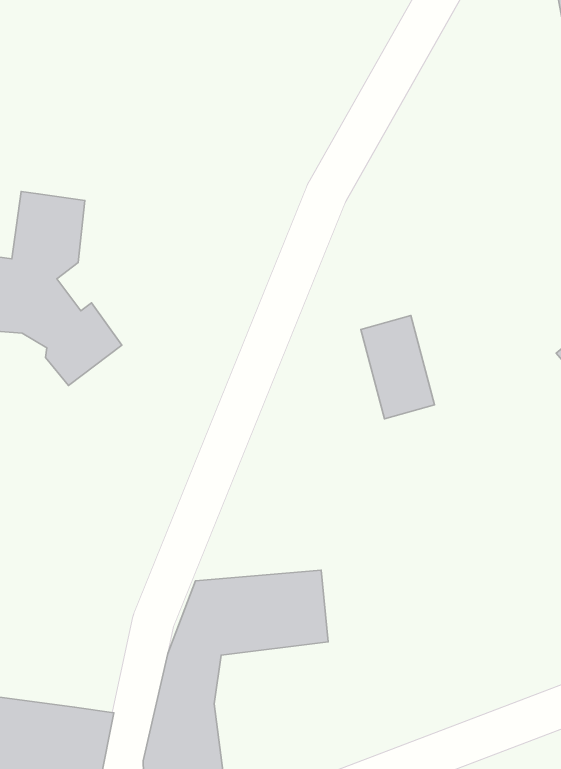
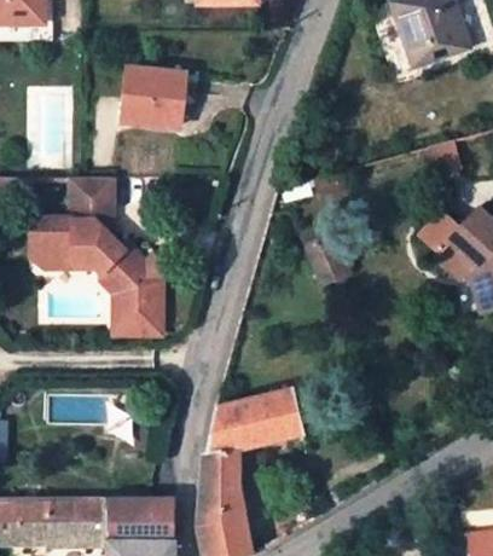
building: none -> [123,69,182,127]
building: none -> [117,265,166,336]

